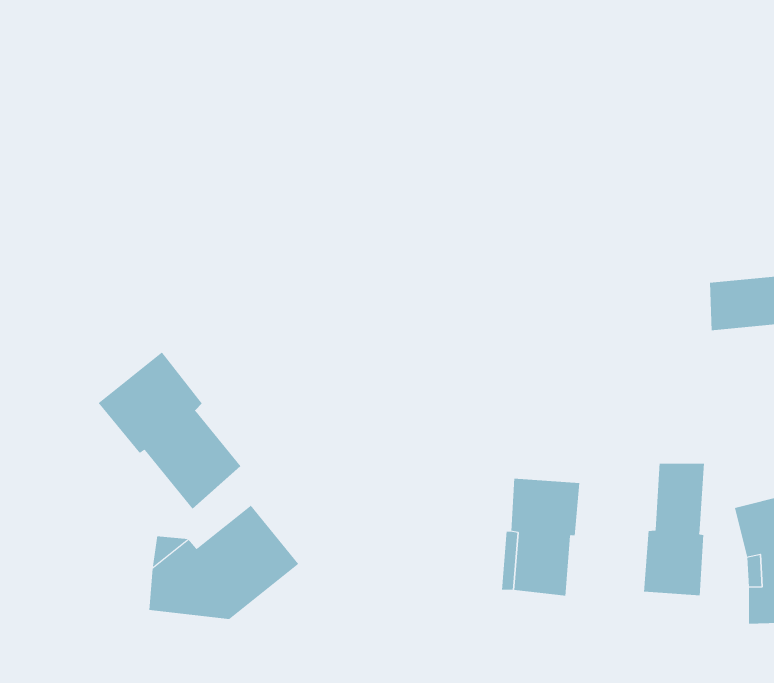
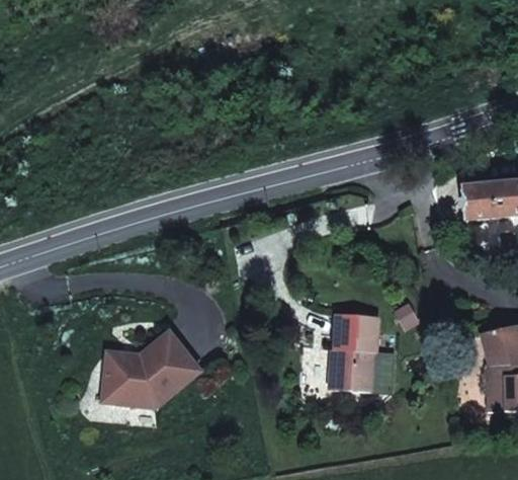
building: [98,352,241,509] -> none
building: [644,463,704,596] -> none

